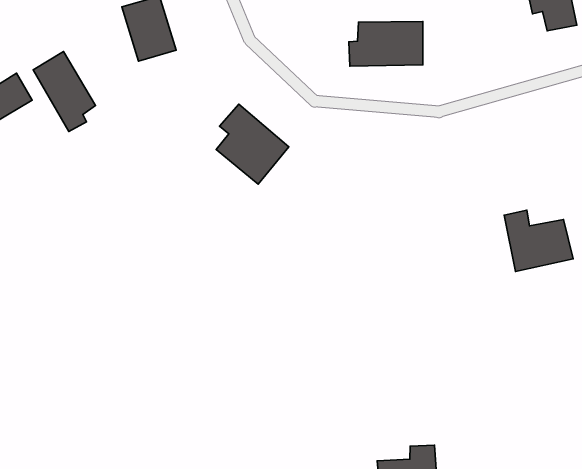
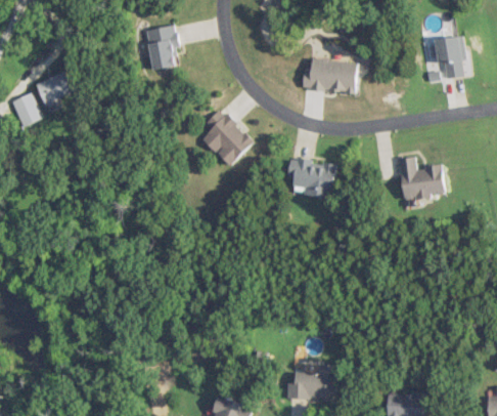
building: [33,51,95,131] -> none
building: none -> [287,158,335,198]
building: [504,210,573,272] -> [398,157,444,200]

